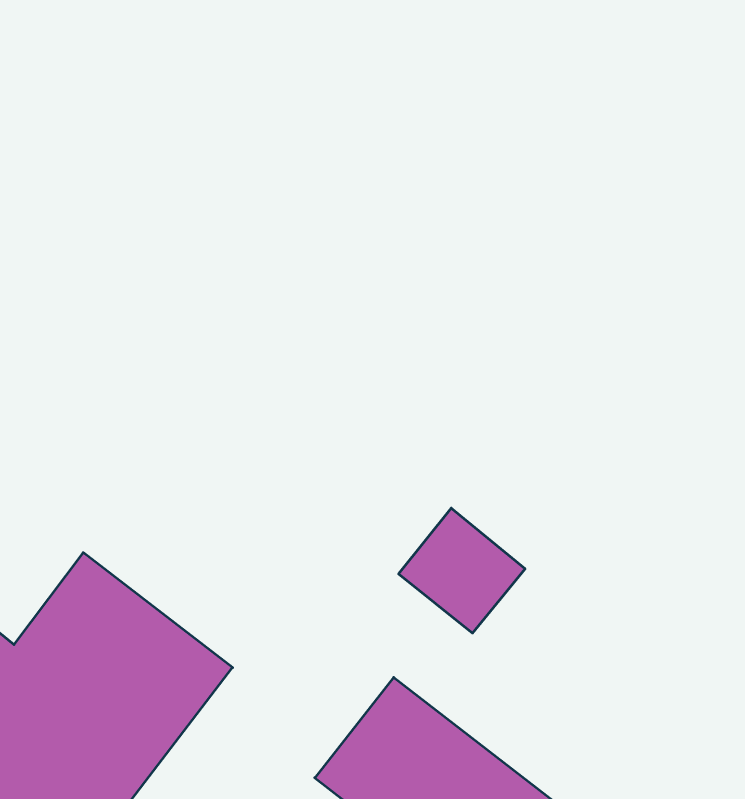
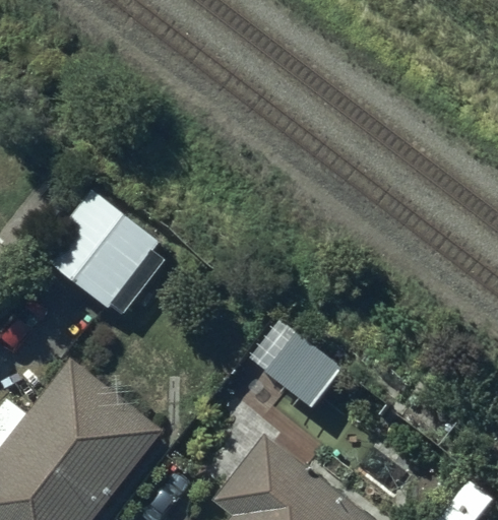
building: none -> [38,187,173,319]

